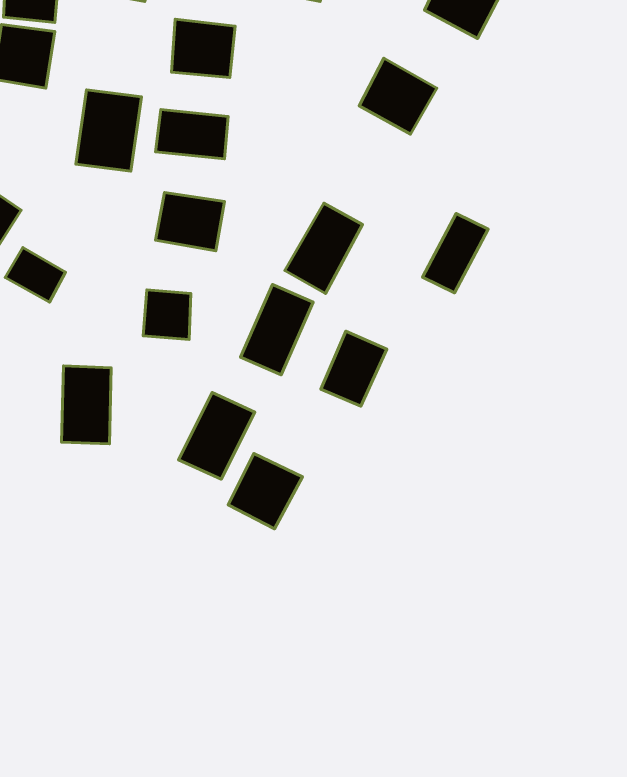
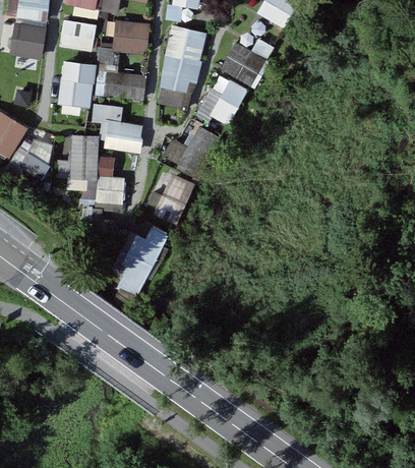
building: none -> [57,18,95,51]
building: none -> [158,24,204,93]
building: [423,213,488,293] -> [210,78,247,124]
building: [321,331,387,406] -> none
building: [62,366,111,444] -> [69,133,98,178]
building: [228,454,302,529] -> none

